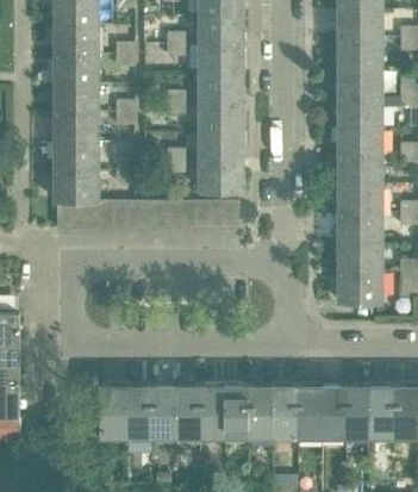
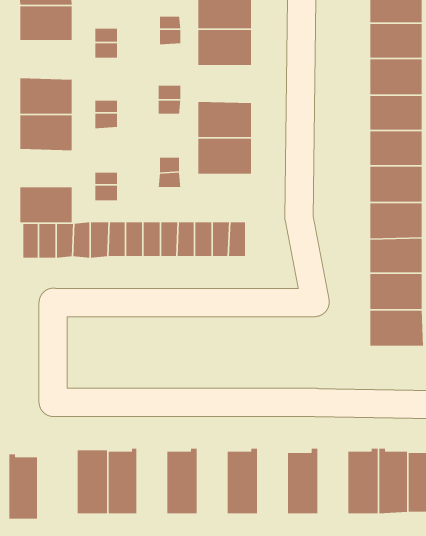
building: [54,55,96,86] -> none
building: [198,75,242,105] -> none
building: [54,143,96,173] -> none
building: [198,163,242,192] -> none
building: [149,385,173,438] -> [9,453,38,520]
building: [198,385,222,438] -> none
building: [247,385,270,438] -> none
building: [295,385,319,438] -> none

